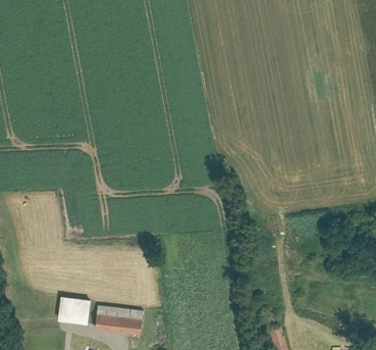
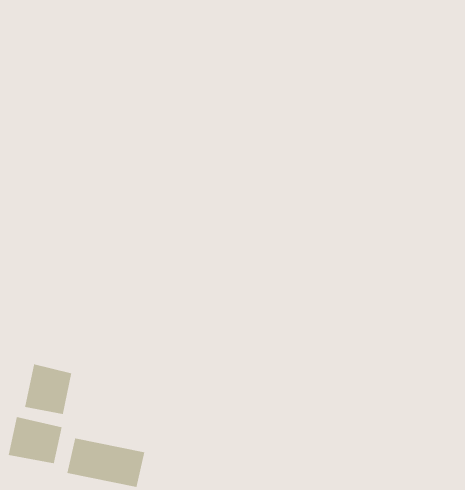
building: none -> [25,364,72,415]

